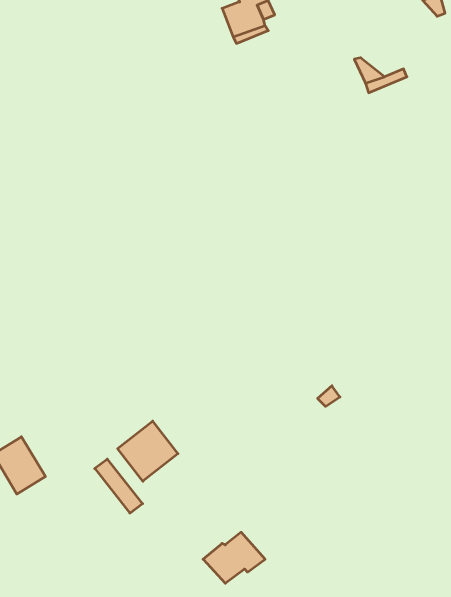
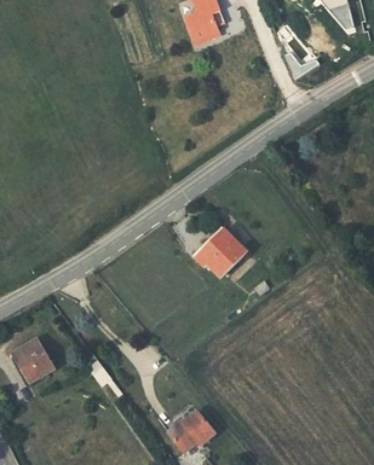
building: none -> [202,229,248,277]
building: [118,421,178,481] -> none

